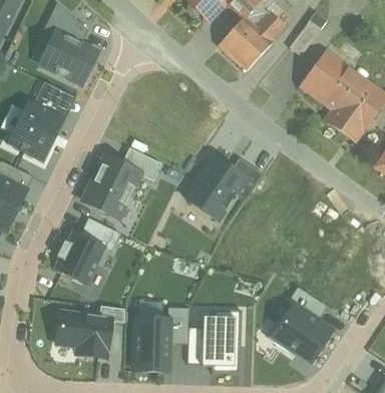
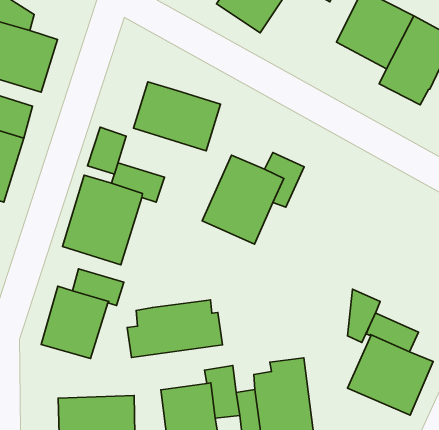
building: none -> [134,82,220,151]
building: none -> [88,127,126,174]
building: none -> [127,300,222,357]
building: none -> [348,289,380,343]

